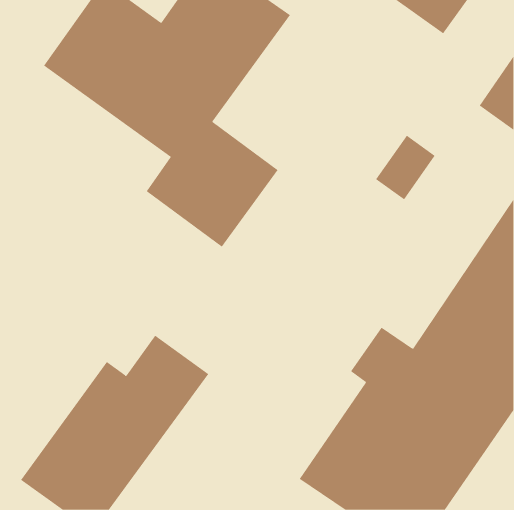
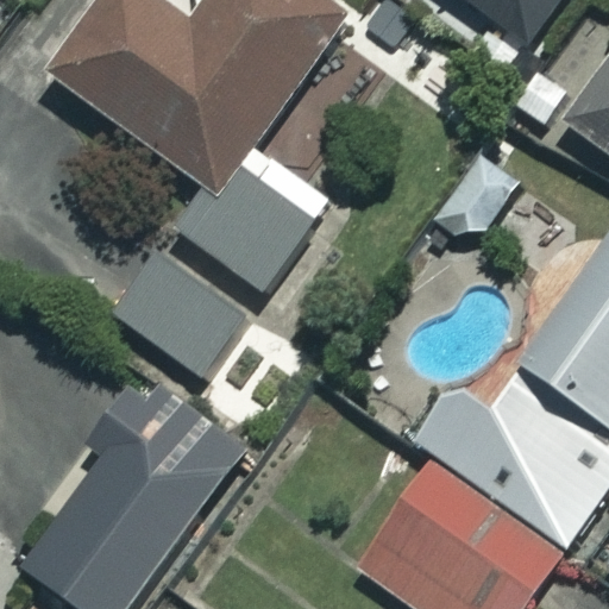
building: none -> [112,250,247,378]

